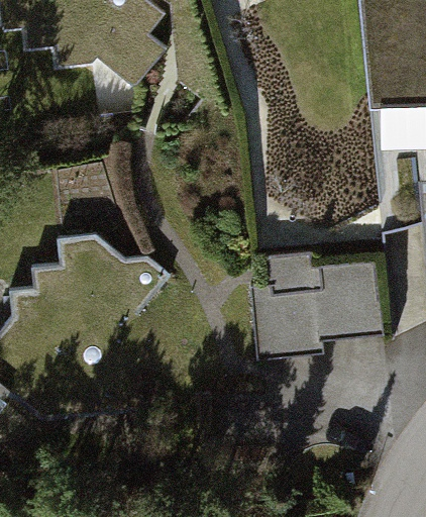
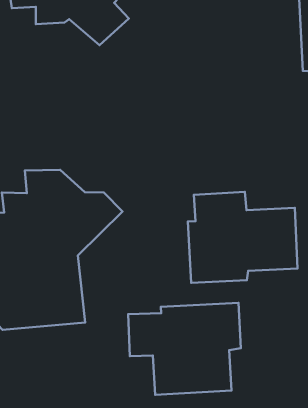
building: none -> [128,303,241,395]

